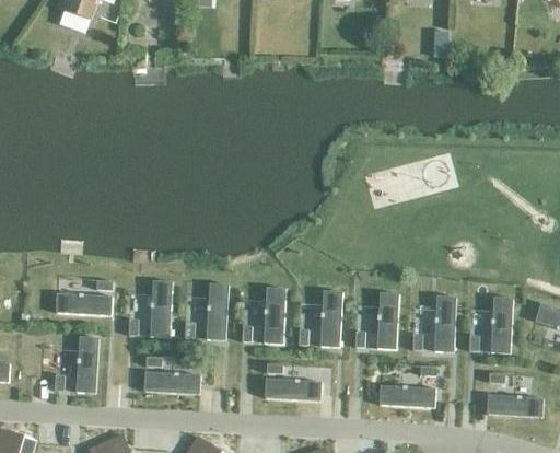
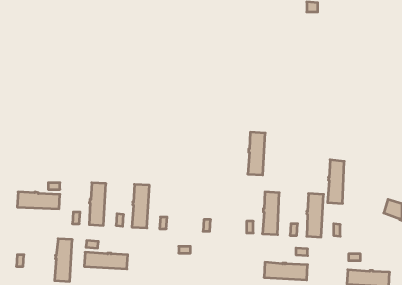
building: [262,287,284,342] -> none
building: [318,290,341,346] -> [248,132,265,175]
building: [489,295,511,352] -> [328,160,344,203]
building: [74,336,97,392] -> [55,239,72,281]
building: [264,378,319,399] -> none

